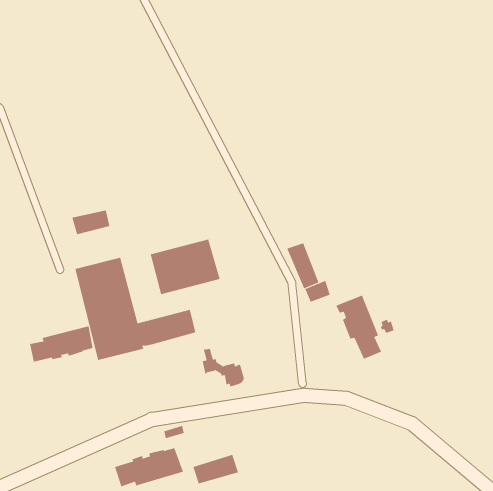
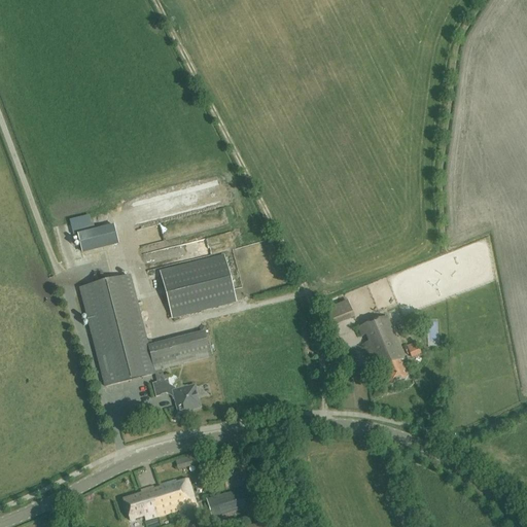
building: [287,242,319,289] -> none
building: [29,326,93,363] -> none
building: [202,348,244,387] -> [151,367,197,409]

